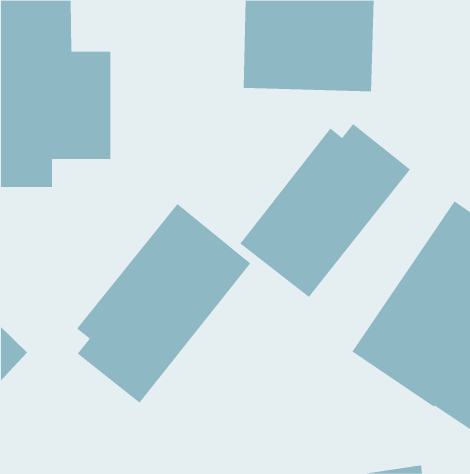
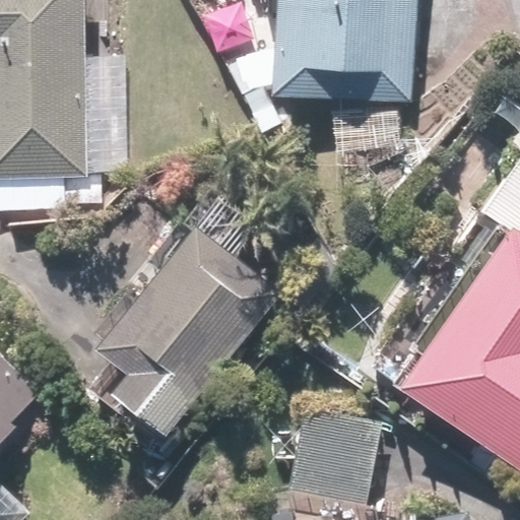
building: [240,123,411,298] -> none
building: none -> [286,401,385,506]

